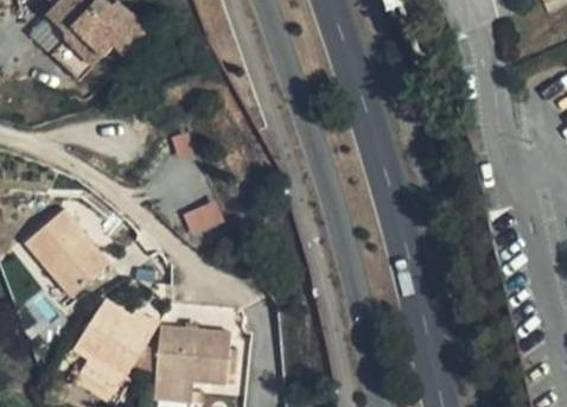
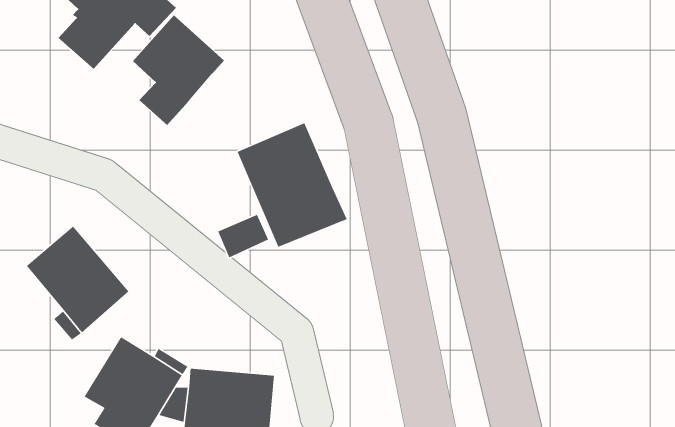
building: none -> [132,14,225,126]
building: none -> [237,122,348,248]

